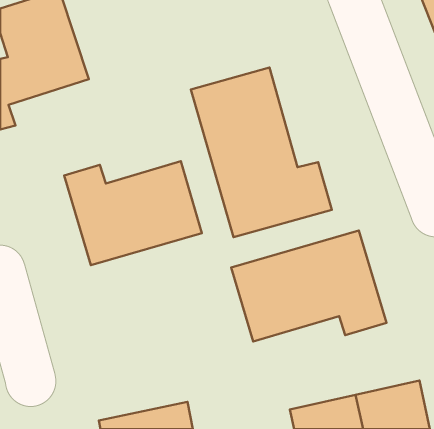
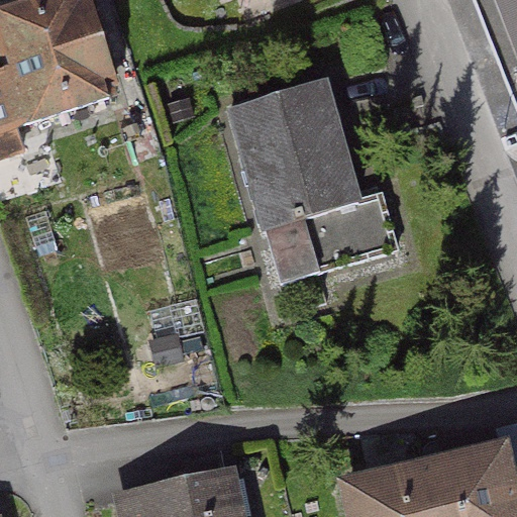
building: [64,161,202,265] -> none
building: [231,230,386,342] -> none

